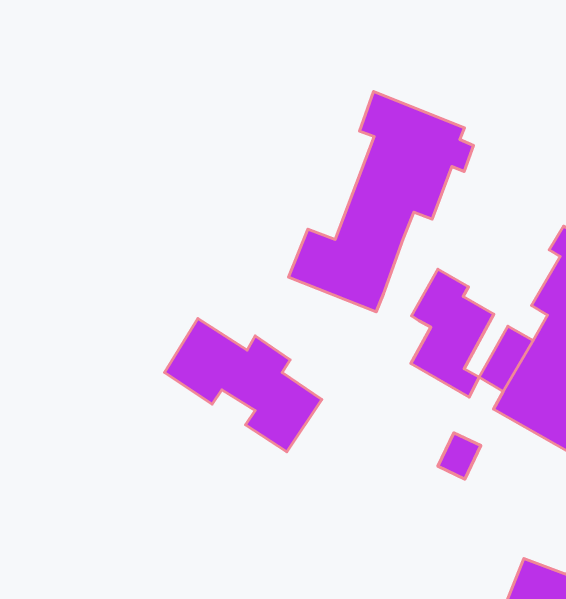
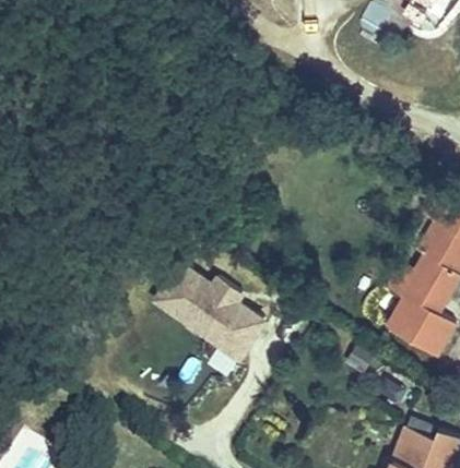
building: [288,91,473,312] -> none
building: [411,269,494,397] -> none

